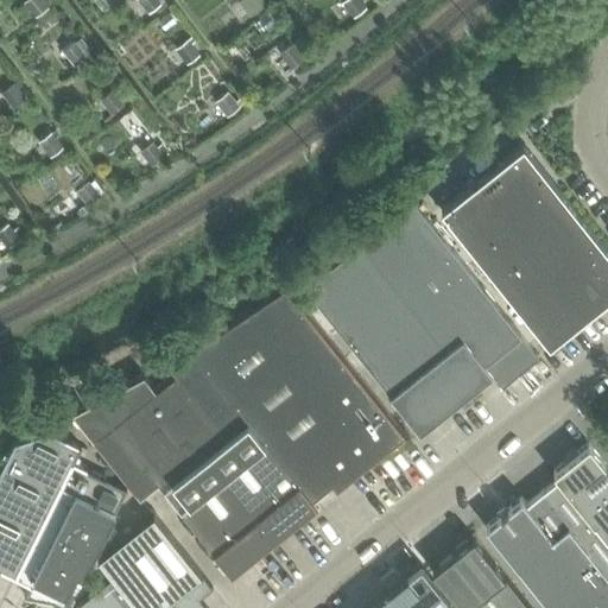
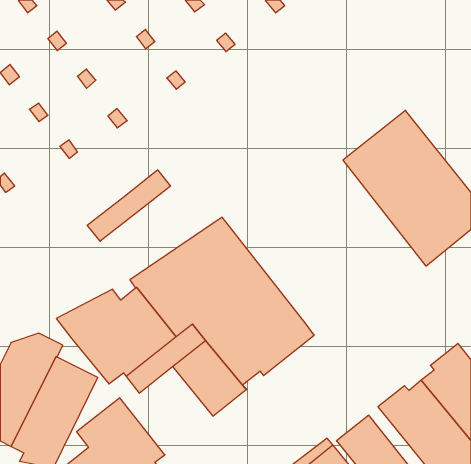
building: [305,207,539,437] -> none
building: none -> [87,170,171,241]
building: [179,481,274,580] -> none

